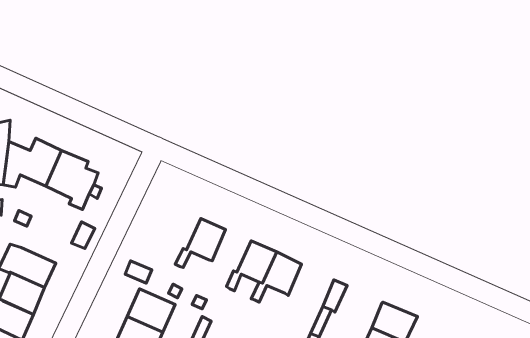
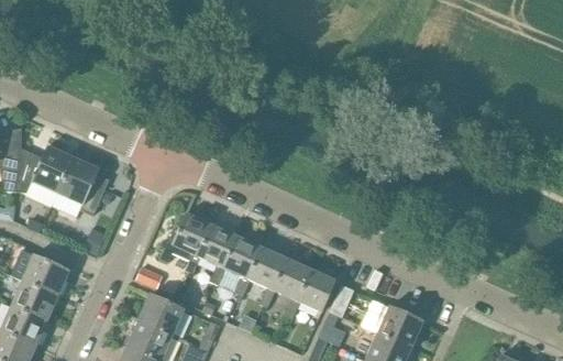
building: none -> [161,214,210,262]
building: none -> [210,236,260,284]
building: none -> [285,270,335,318]

